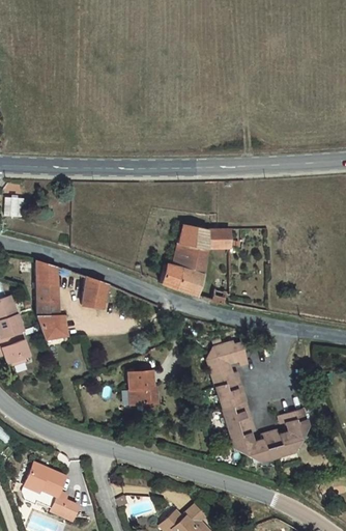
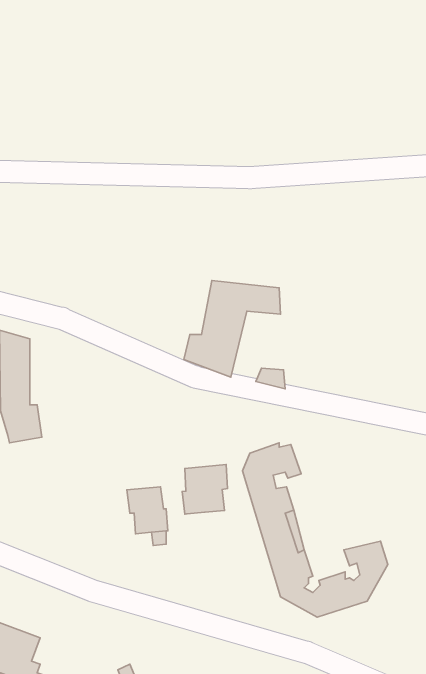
building: [85,276,111,308] -> none
building: none -> [182,464,227,514]

